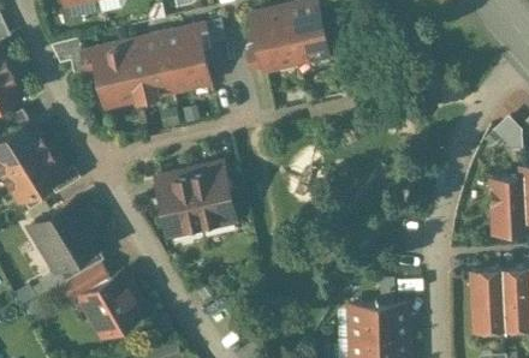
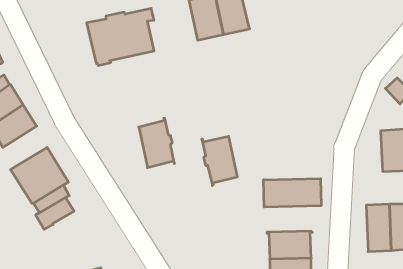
building: [82,47,136,105] -> none
building: [155,177,200,238] -> [202,136,237,186]
building: none -> [264,179,321,207]
building: [82,275,142,338] -> none

